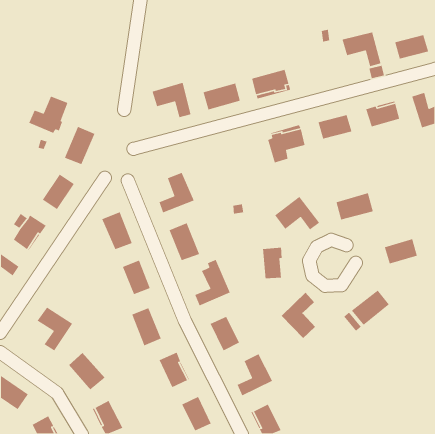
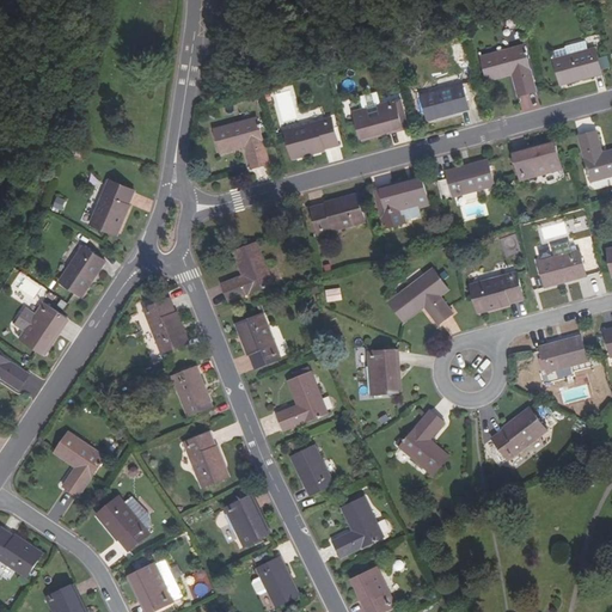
building: none -> [421,81,470,120]
building: [28,95,69,134] -> none
building: none -> [311,195,366,233]
building: none -> [537,249,586,284]

